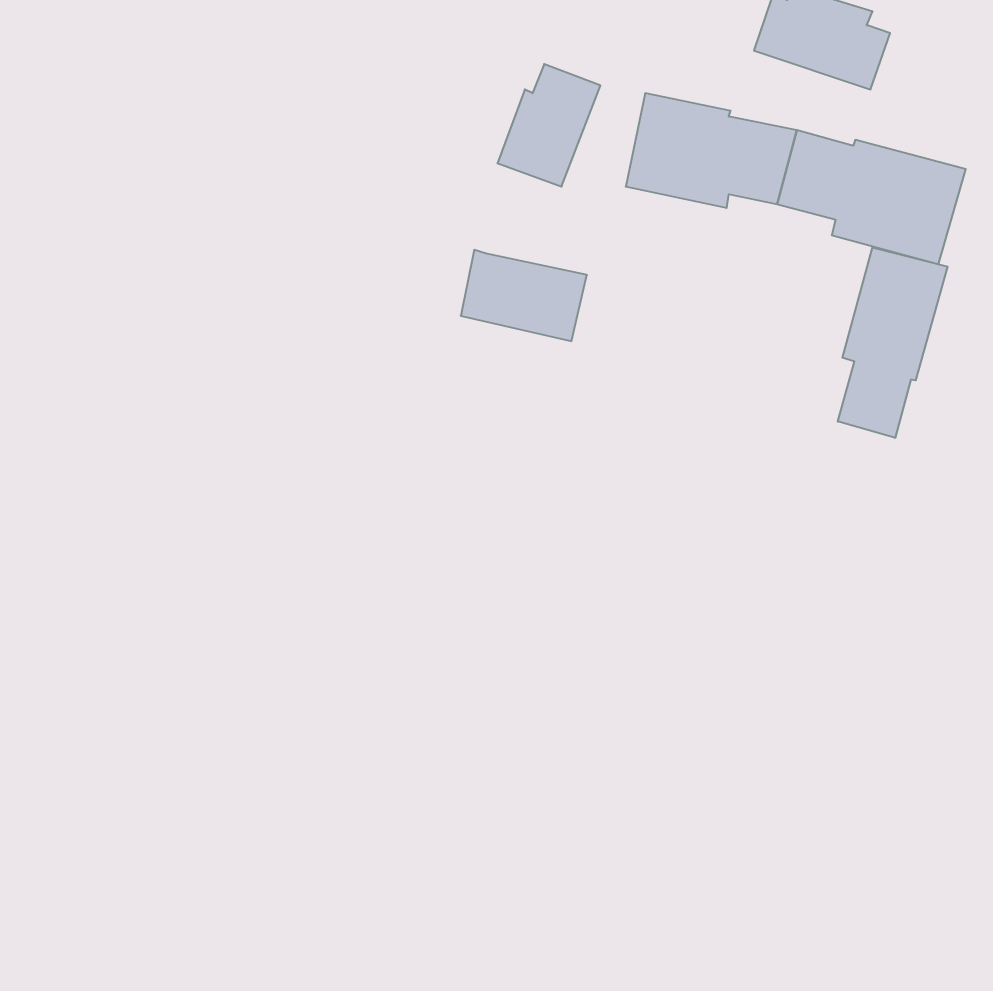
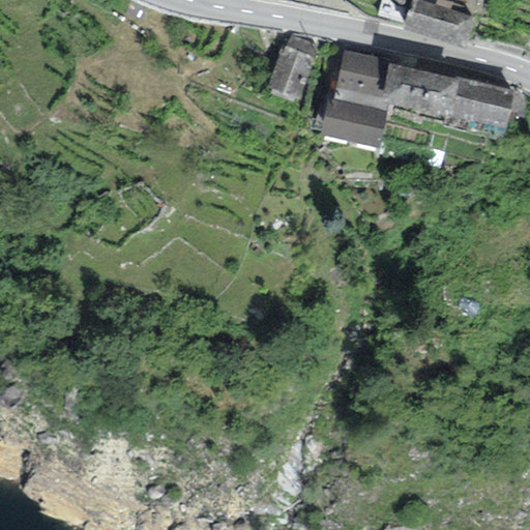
building: [838,247,948,438] -> none
building: [461,250,587,341] -> [320,97,387,146]

